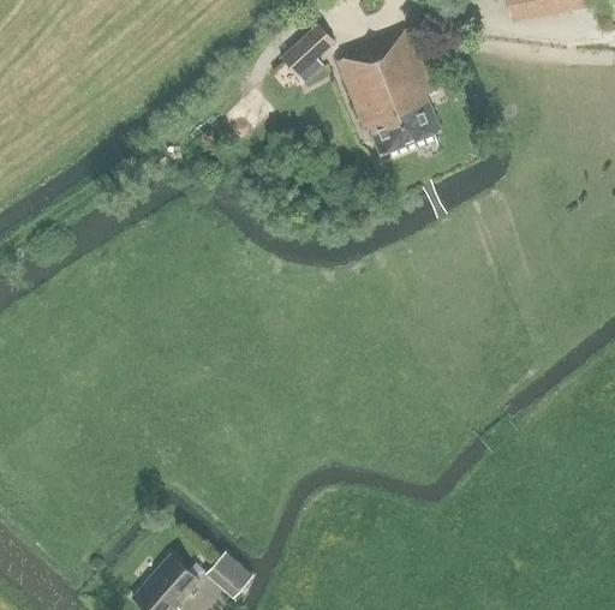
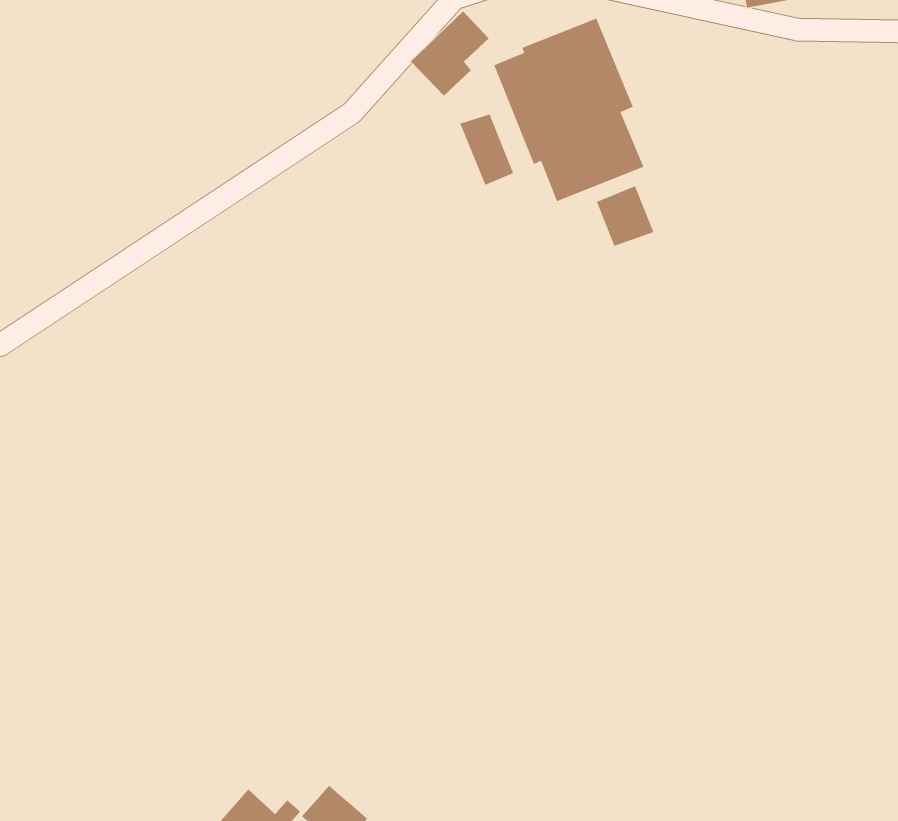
building: none -> [459,113,514,186]
building: none -> [596,185,655,247]

